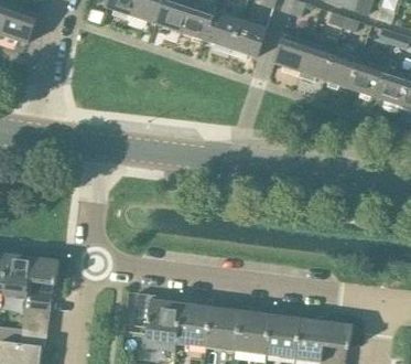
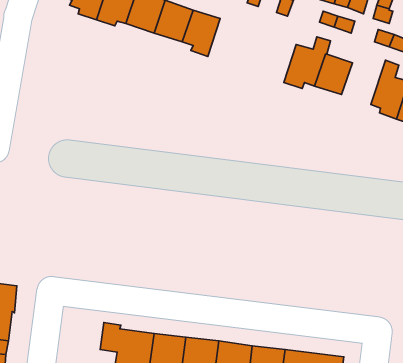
building: [228,20,267,60] -> none
building: [273,34,307,77] -> none
building: [348,54,388,97] -> none

